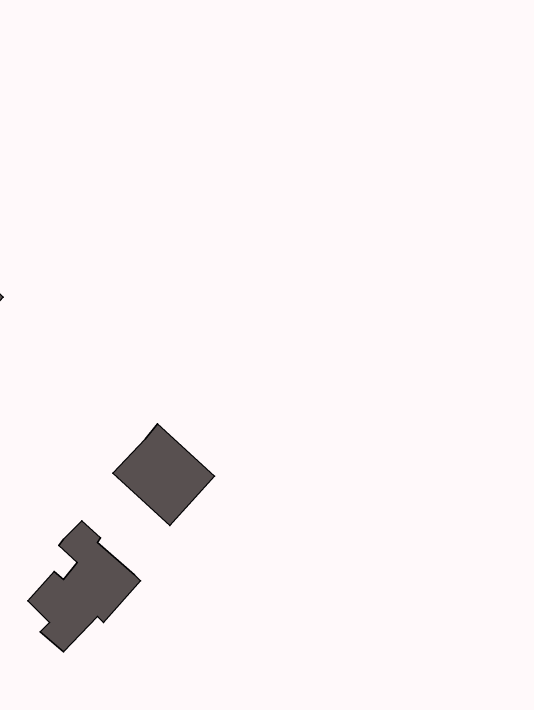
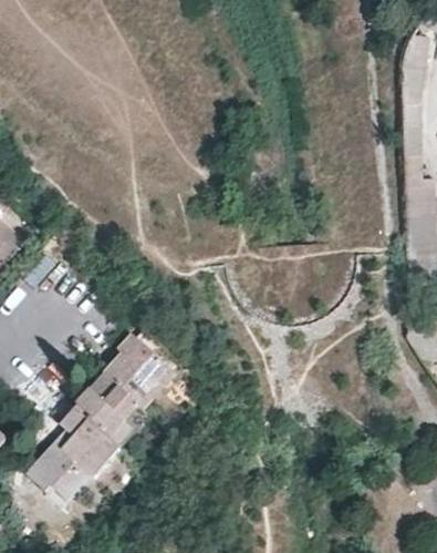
building: none -> [77,372,144,442]

